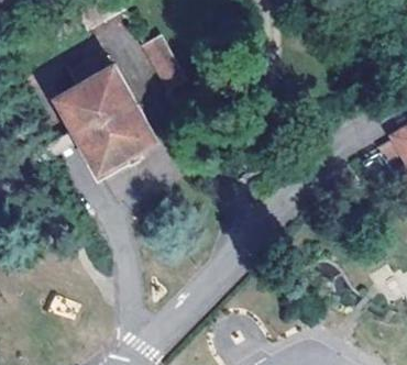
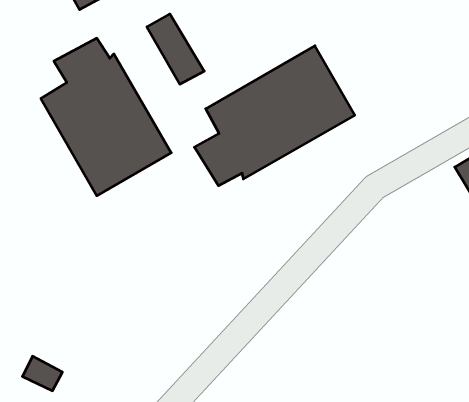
building: none -> [194,46,355,186]

